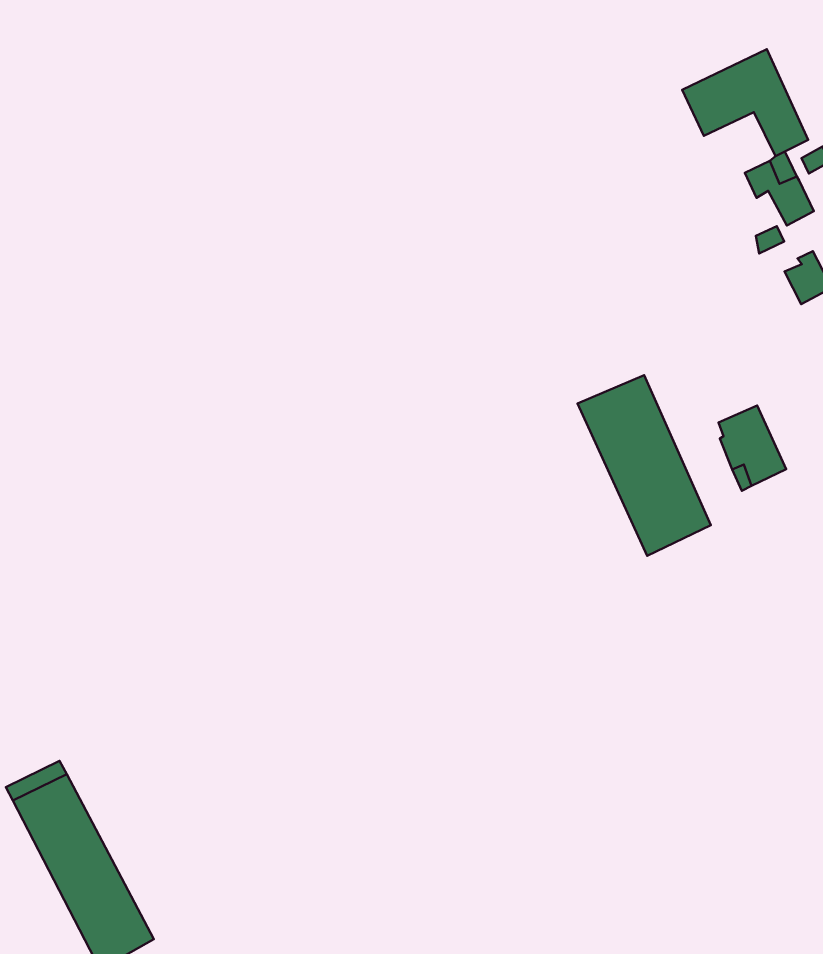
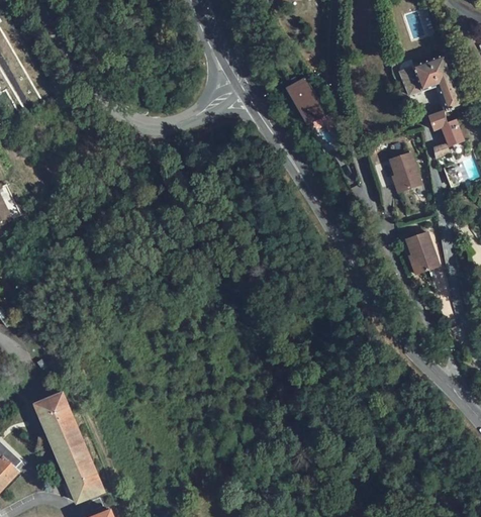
building: none -> [282,75,323,128]
building: none -> [389,156,421,194]
building: [578,375,711,556] -> none

